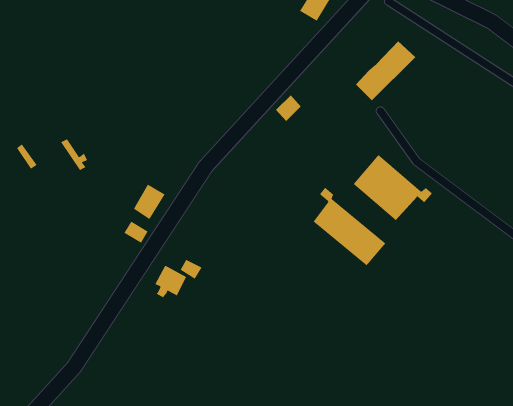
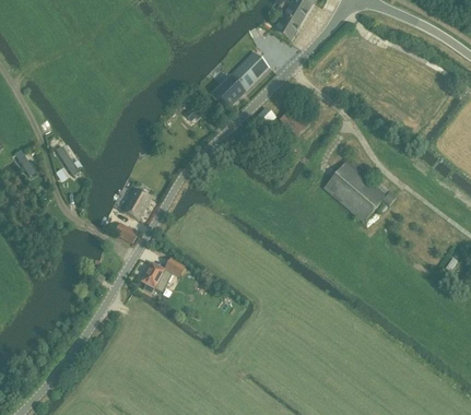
building: [355,40,416,101] -> [214,50,270,106]
building: [313,187,386,266] -> none

